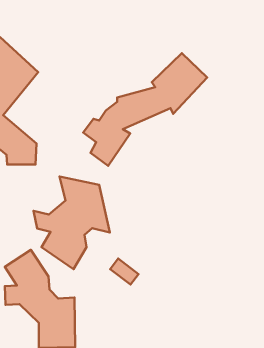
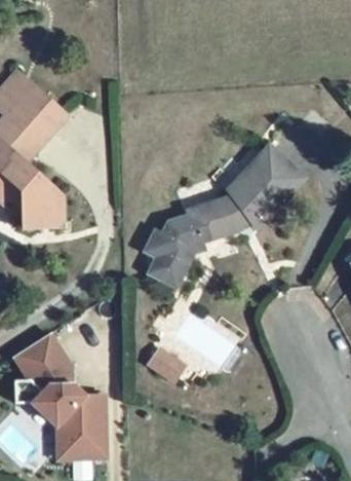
building: [83,53,207,166] -> [143,147,300,290]
building: [34,176,110,269] -> none

